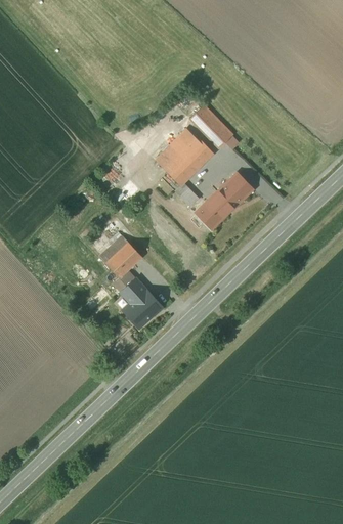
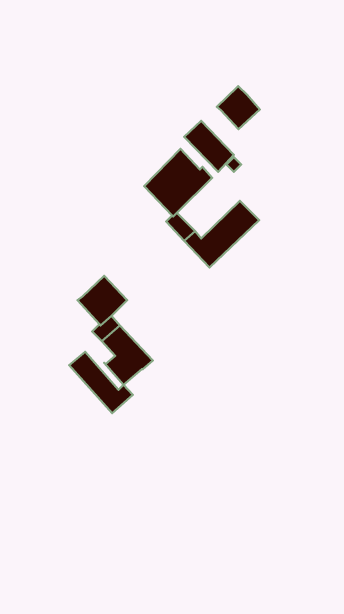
building: none -> [217,86,260,129]
building: none -> [69,352,133,413]

